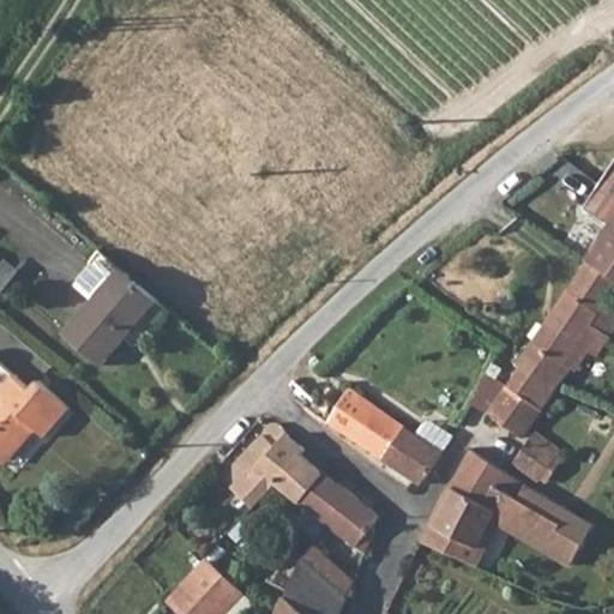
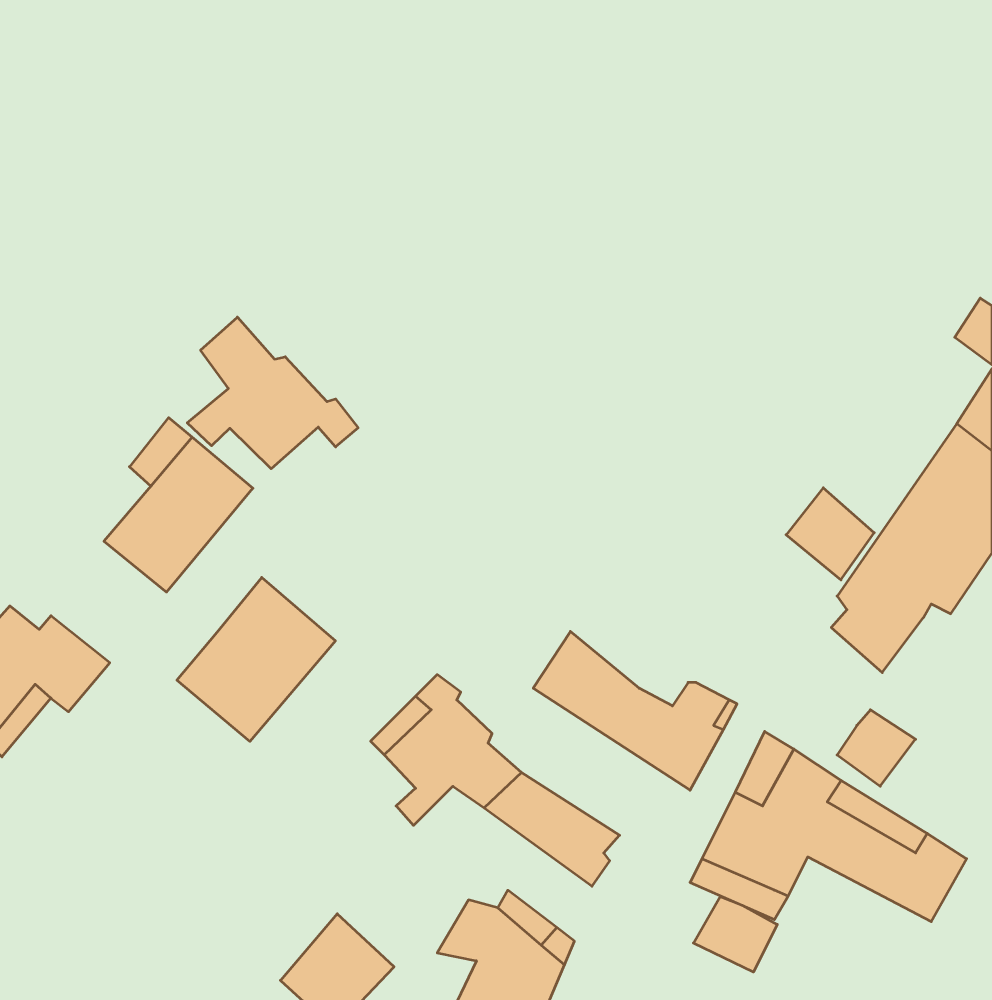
building: none -> [187,317,358,469]
building: none -> [177,577,335,741]
building: [486,385,540,441] -> [786,488,874,580]
building: none -> [693,896,777,972]

